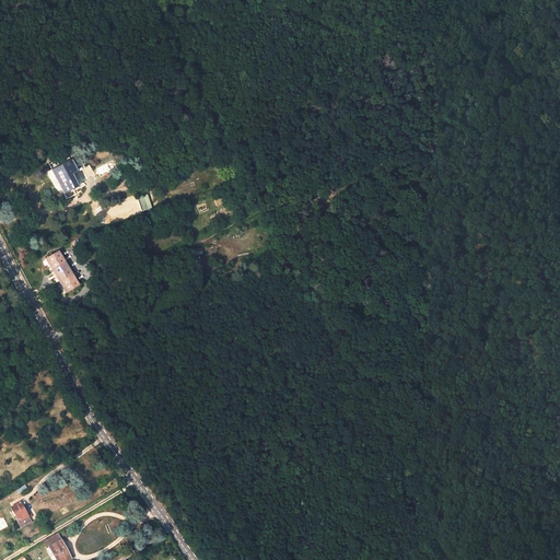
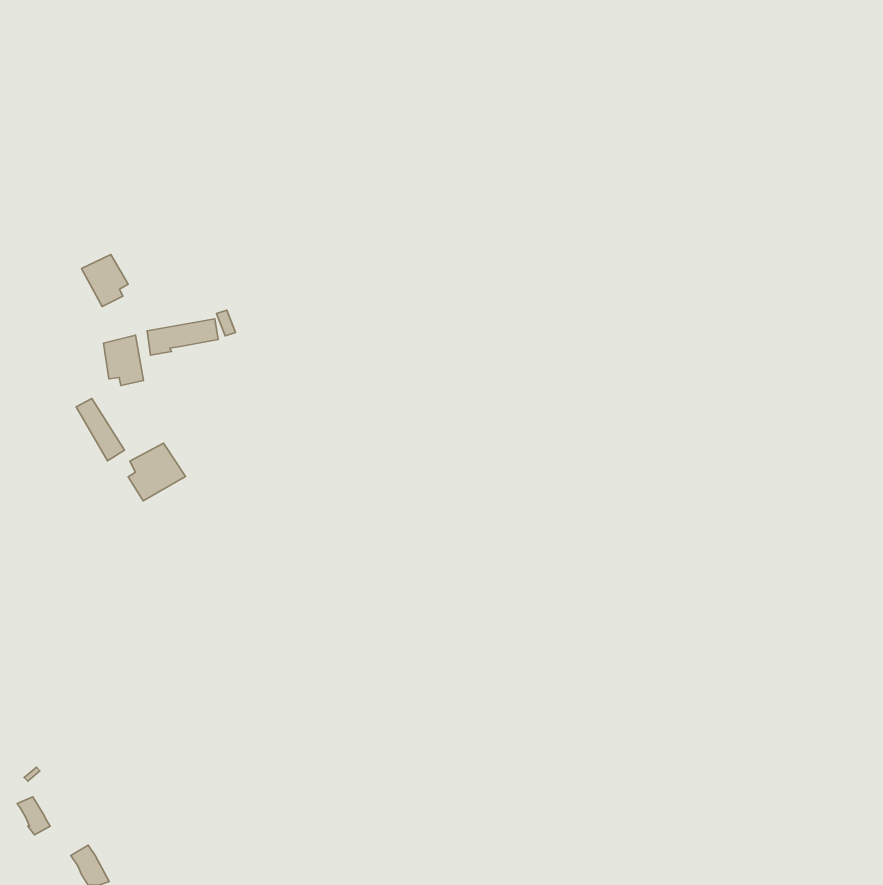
building: none -> [104,335,144,386]
building: none -> [128,443,185,501]

